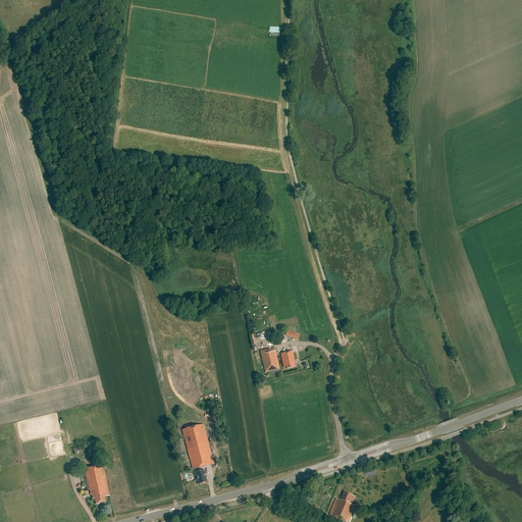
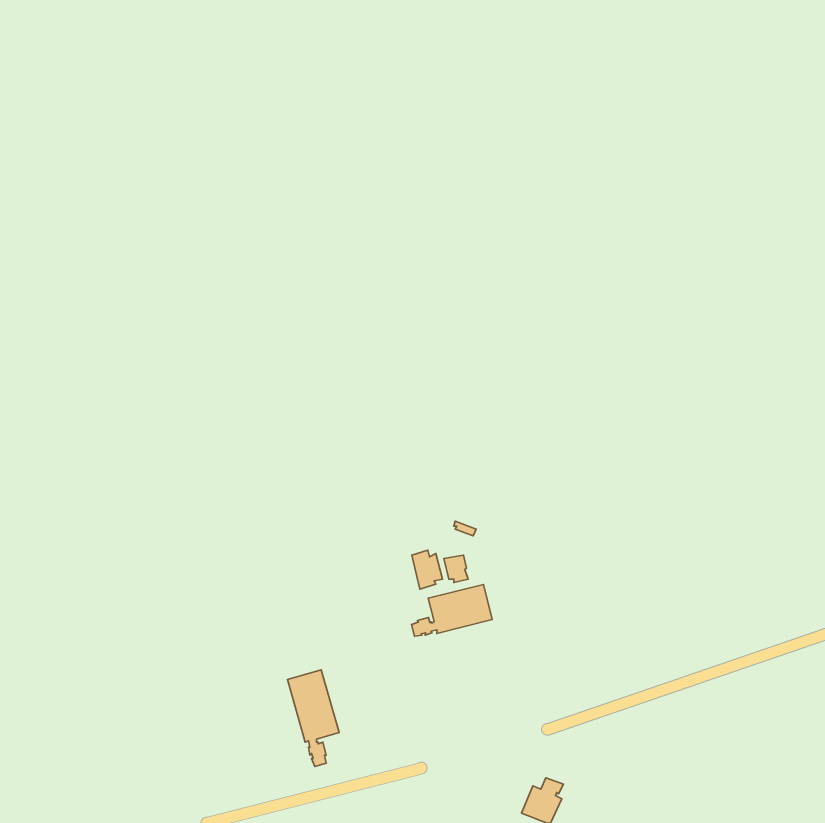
building: none -> [411,584,492,636]
building: [84,464,110,504] -> none

